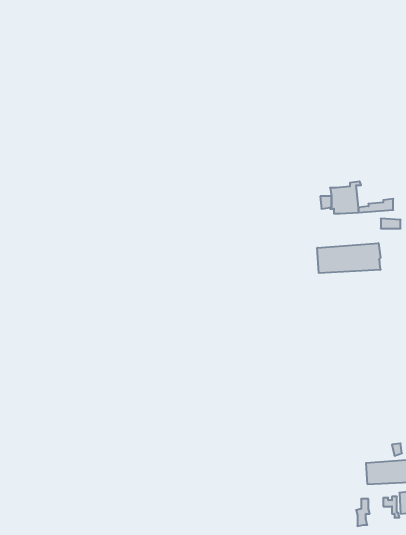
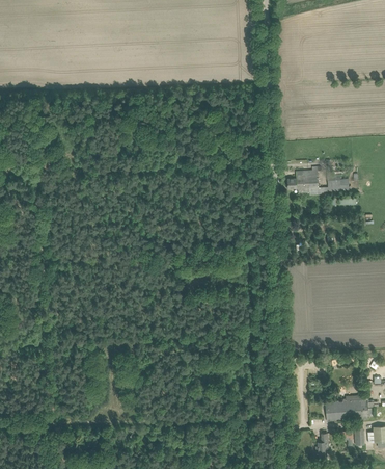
building: [317,243,380,273] -> none

